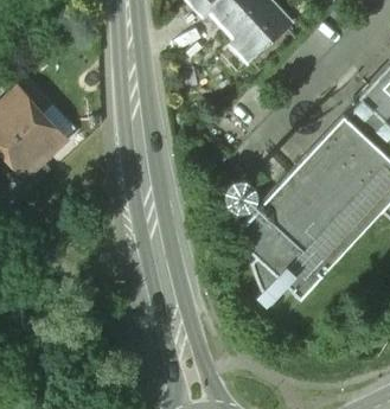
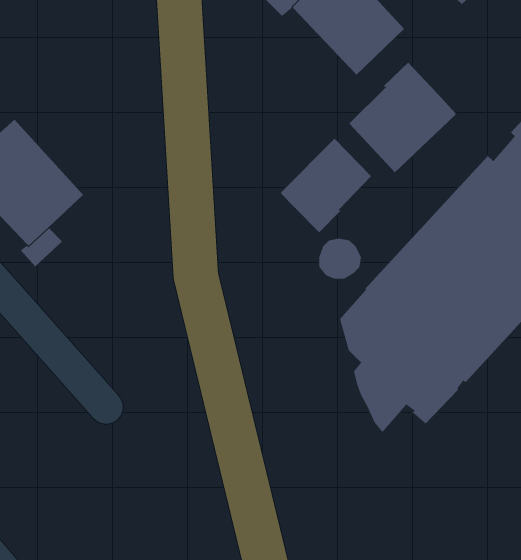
building: none -> [348,62,456,173]
building: none -> [280,138,372,233]

